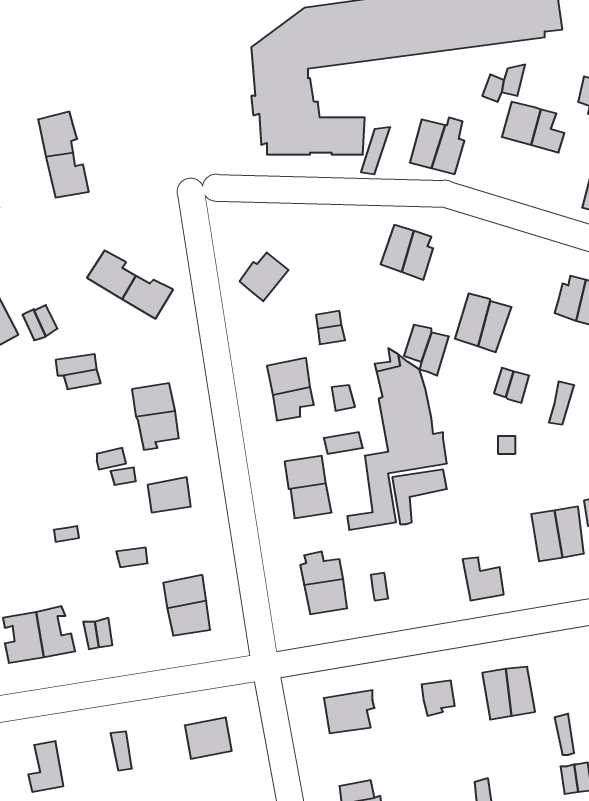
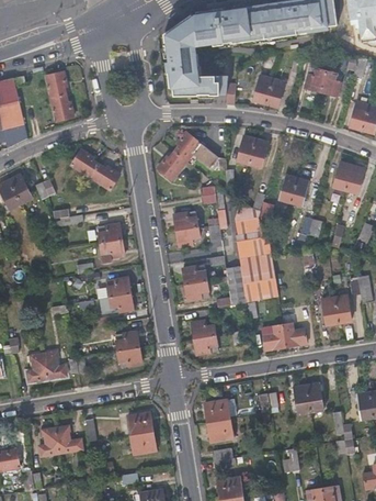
building: none -> [173,133,225,171]
building: none -> [100,294,134,315]
building: none -> [262,324,287,350]
building: none -> [208,419,233,441]
building: none -> [55,424,82,452]
building: none -> [130,432,156,454]

